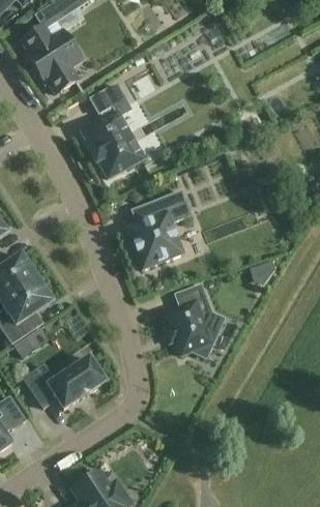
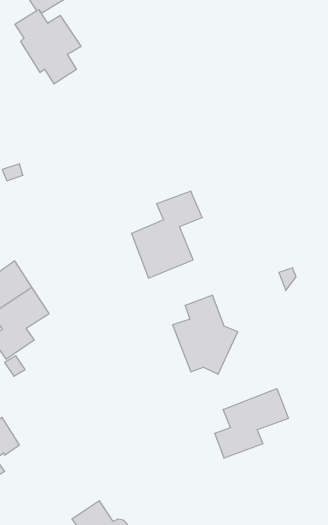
building: [84,83,143,176] -> none
building: [25,346,106,408] -> none
building: none -> [215,389,289,458]

